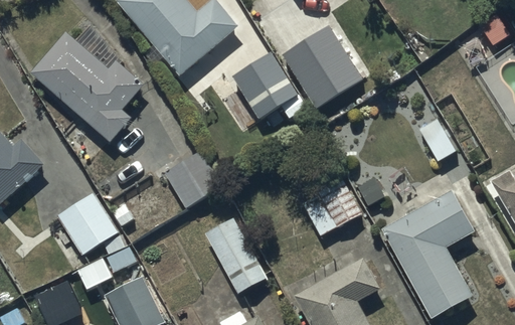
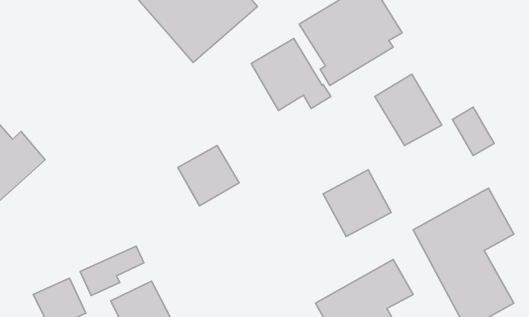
building: [31,23,145,145] -> none
building: none -> [375,74,442,146]
building: [56,192,118,256] -> none
building: [205,217,269,296] -> none

